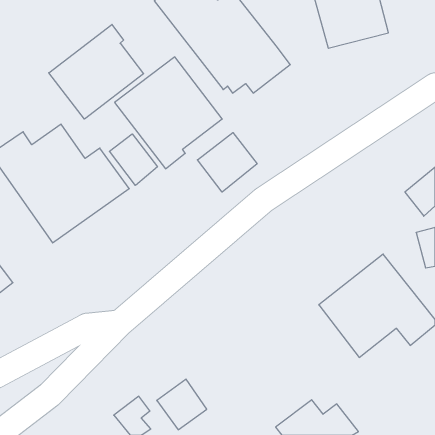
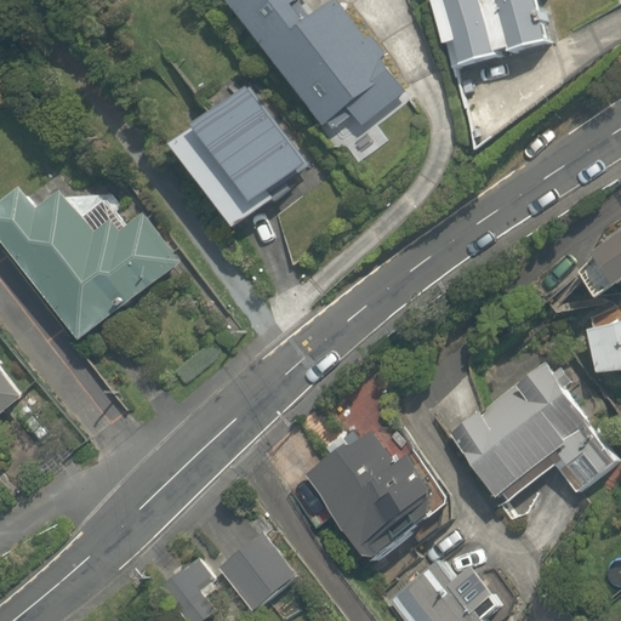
building: [49,24,144,119] -> none
building: [197,133,257,192] -> none
building: [109,134,157,185] -> none
building: none -> [302,420,444,566]

